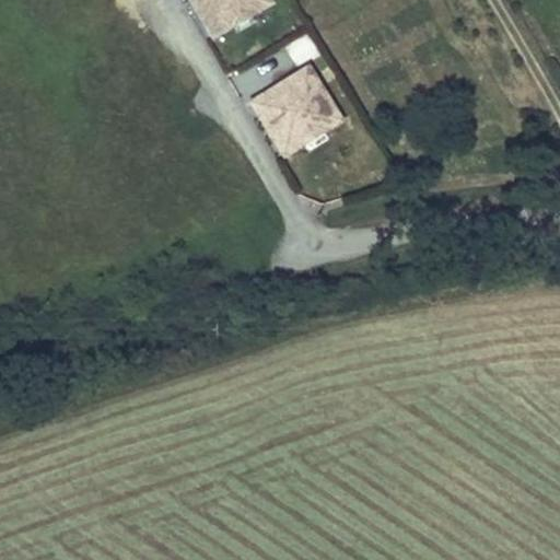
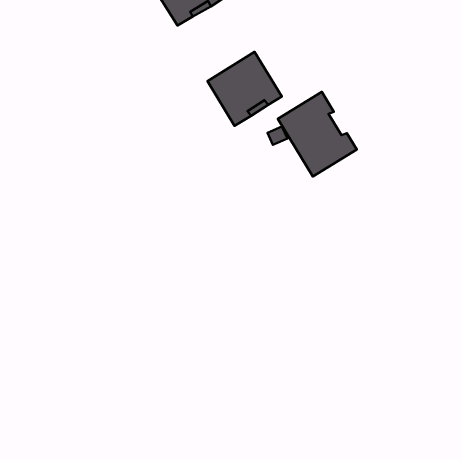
building: none -> [278,92,357,177]

